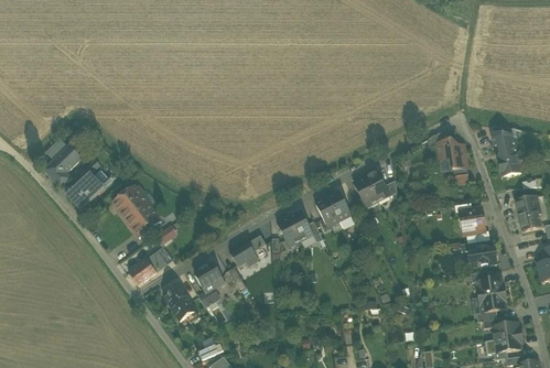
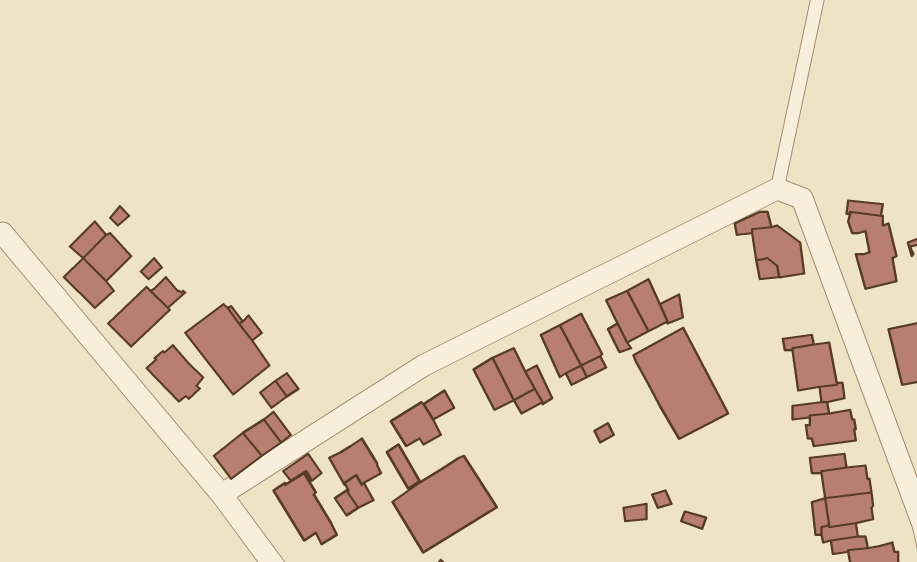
building: none -> [634,328,728,439]
building: none -> [146,345,203,402]
building: none -> [392,456,497,553]

